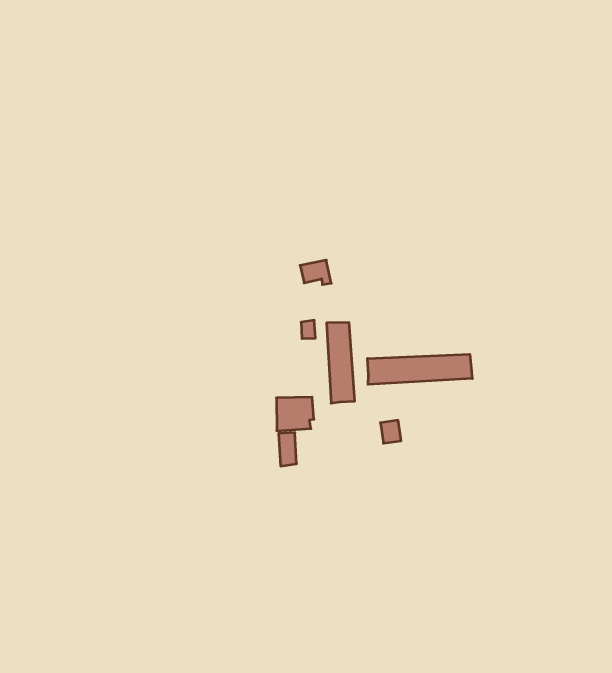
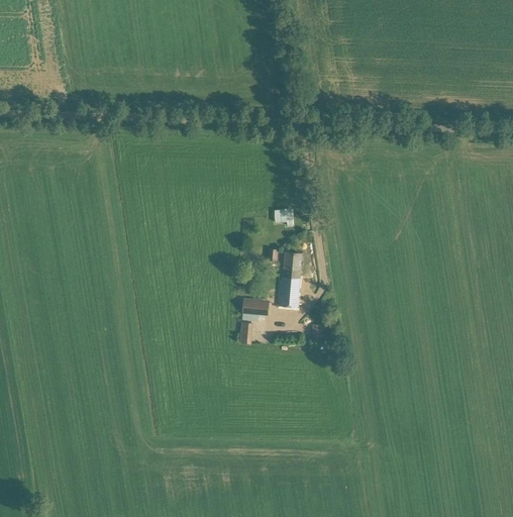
building: [368,354,472,384] -> none

